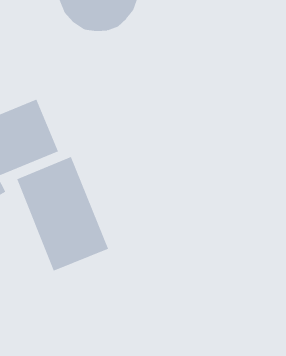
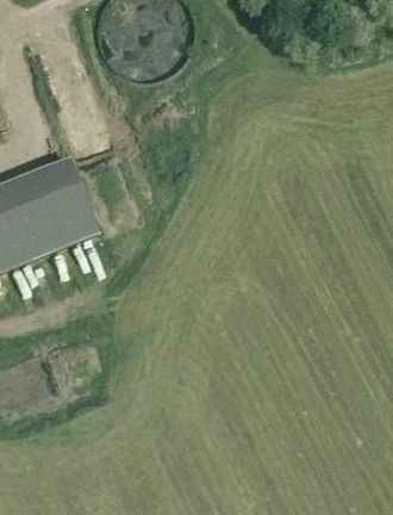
building: [16,156,109,271] -> none

